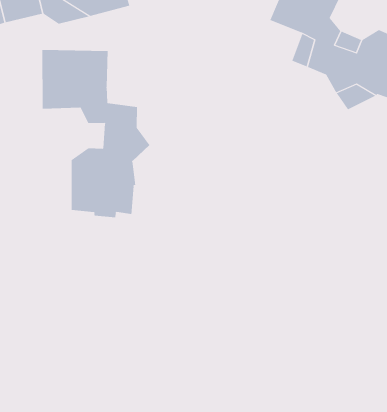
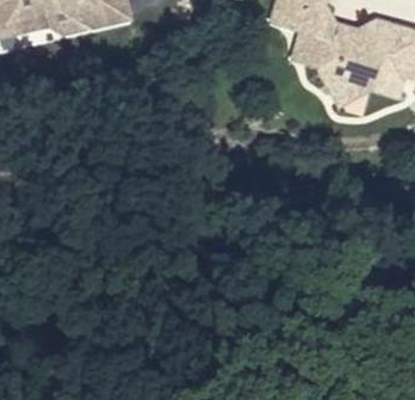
building: [42,49,150,218] -> none

